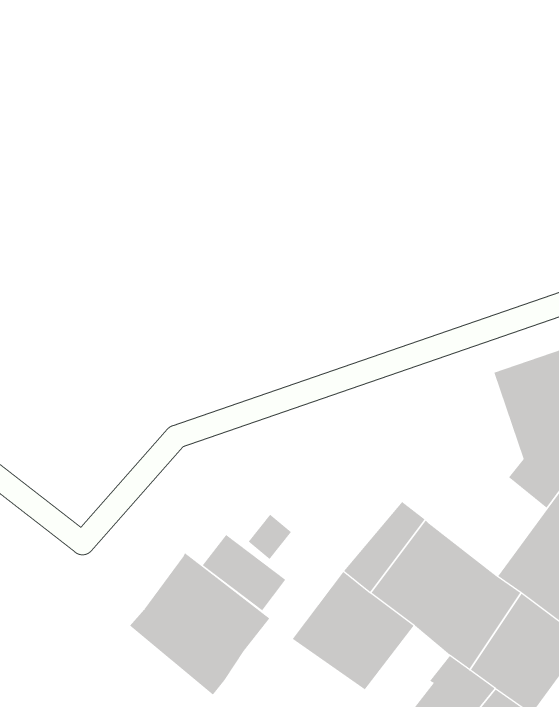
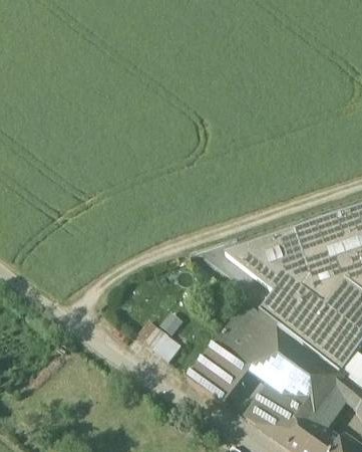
building: none -> [226,231,323,343]
building: [129,552,270,695] -> none

